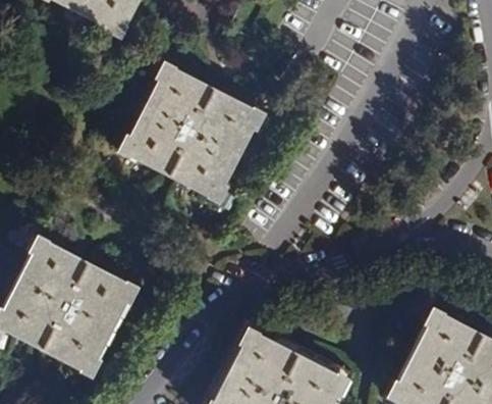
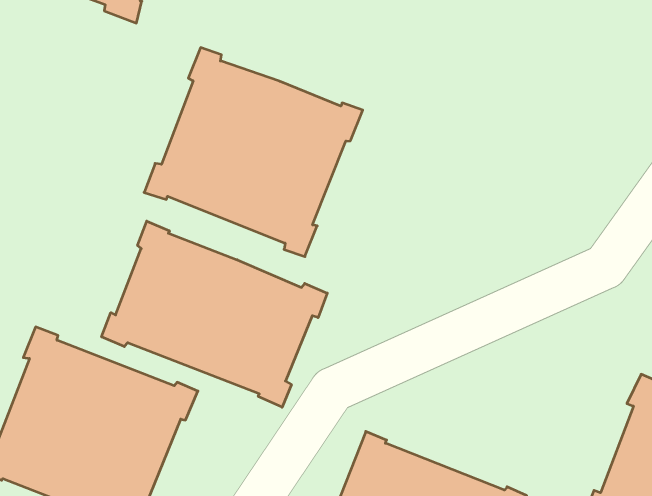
building: none -> [102,221,327,407]

